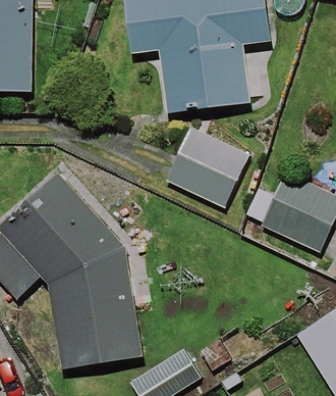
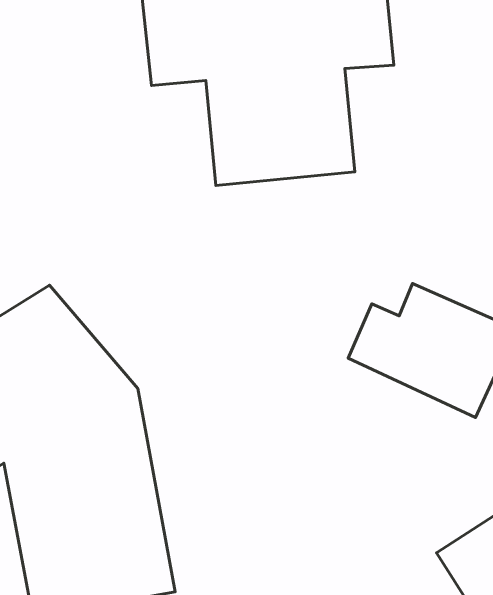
building: [164,125,250,208] -> none

